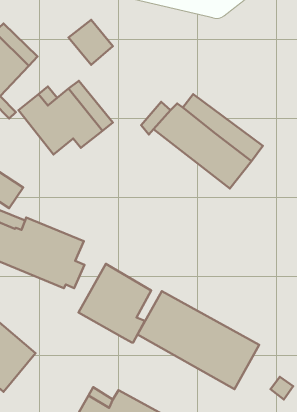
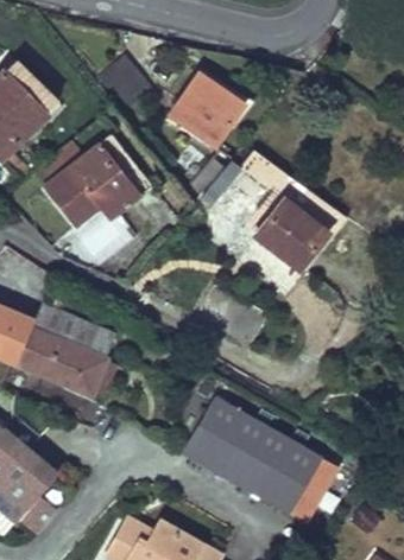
building: none -> [171,74,244,145]
building: [78,264,151,343] -> none

